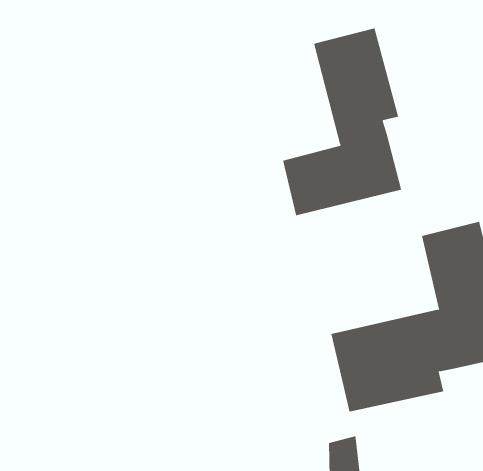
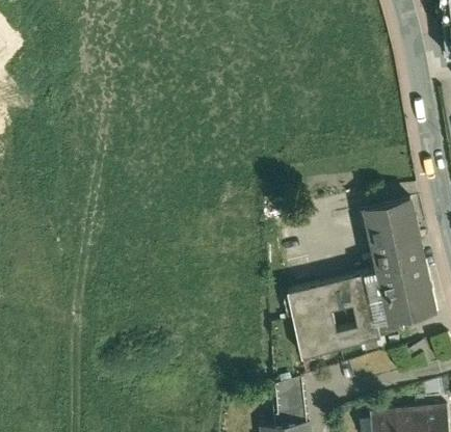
building: [282,27,402,216] -> none

